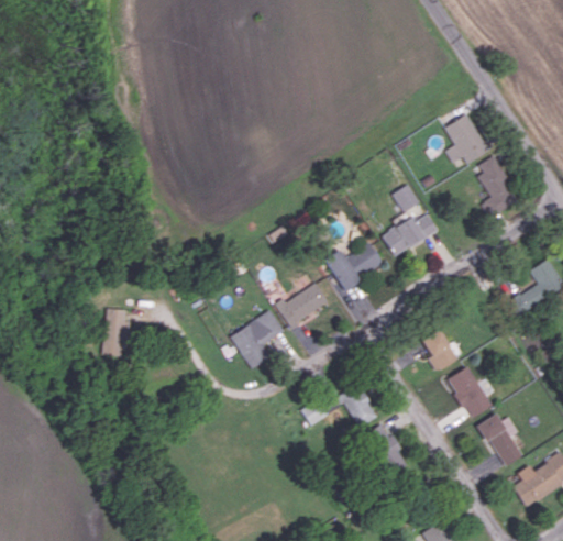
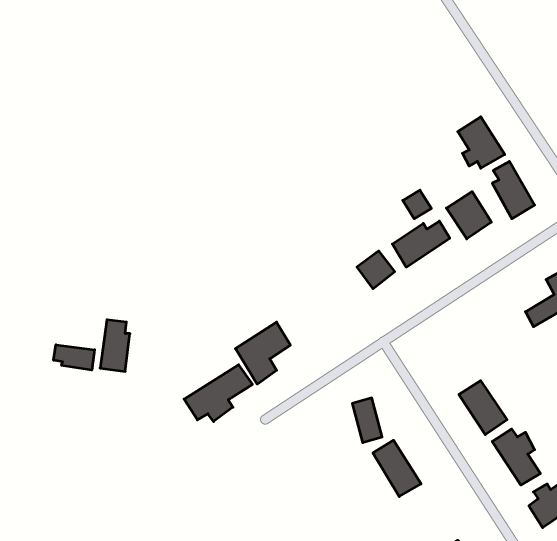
building: none -> [446,192,491,239]
building: [324,250,360,291] -> none
building: [274,283,329,328] -> none
building: [420,330,457,371] -> none
building: none -> [54,345,95,370]
building: none -> [184,365,252,422]

